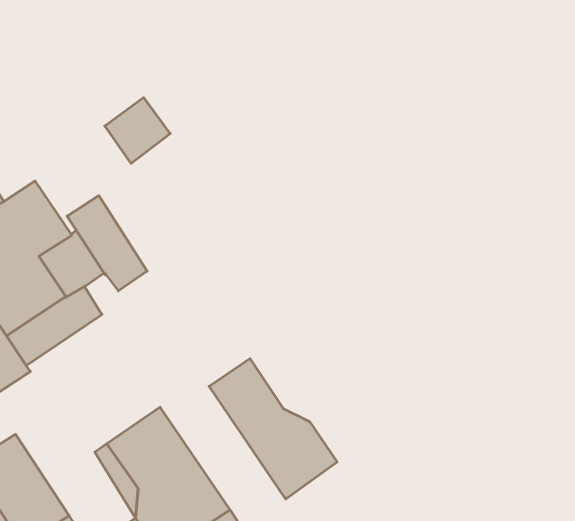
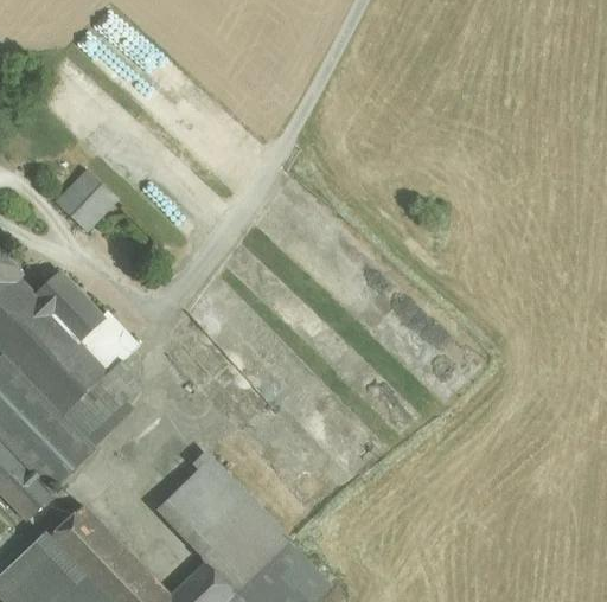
building: [105,98,170,163] -> [56,172,116,233]
building: [67,196,147,291] -> none
building: [209,359,337,499] -> none

